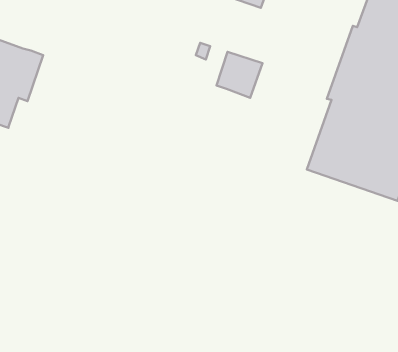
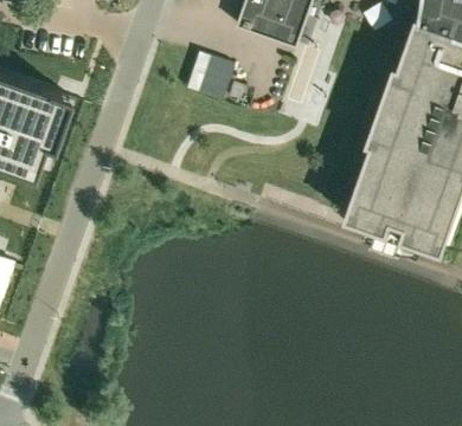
building: [216,52,262,98] -> [185,56,233,104]

